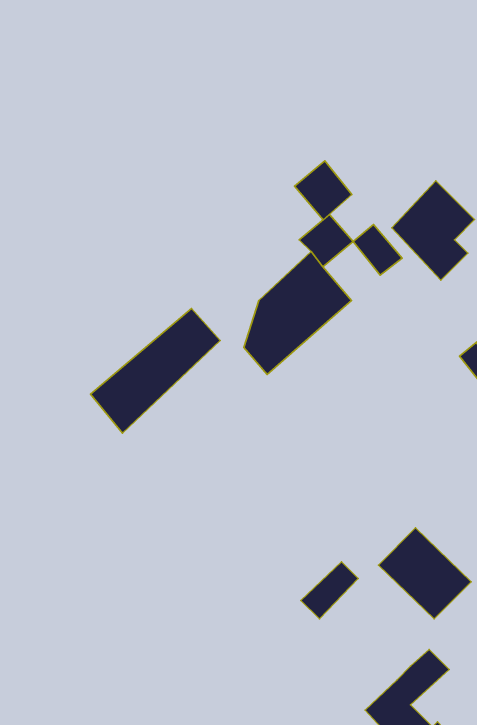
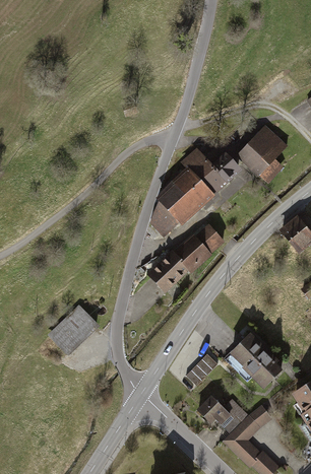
building: [295,161,352,220] -> [195,161,230,197]
building: [91,308,220,433] -> [145,223,224,298]
building: none -> [48,306,100,355]
building: none -> [194,394,248,431]

